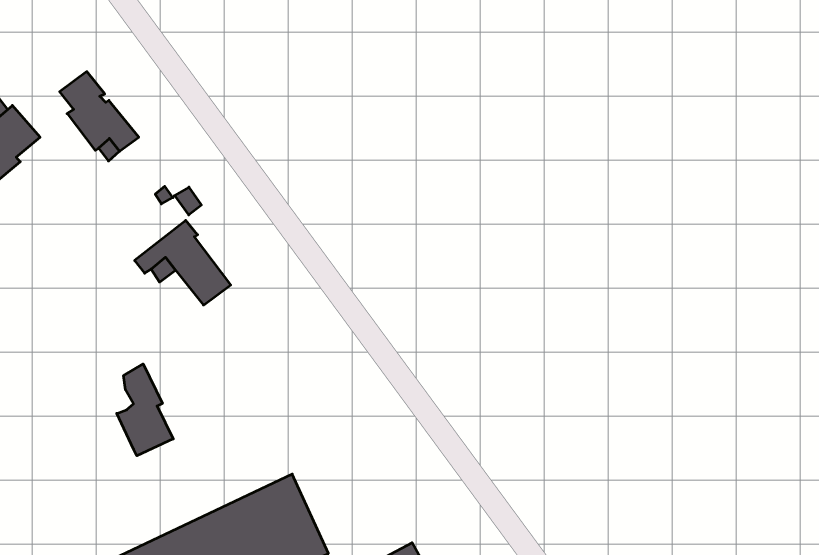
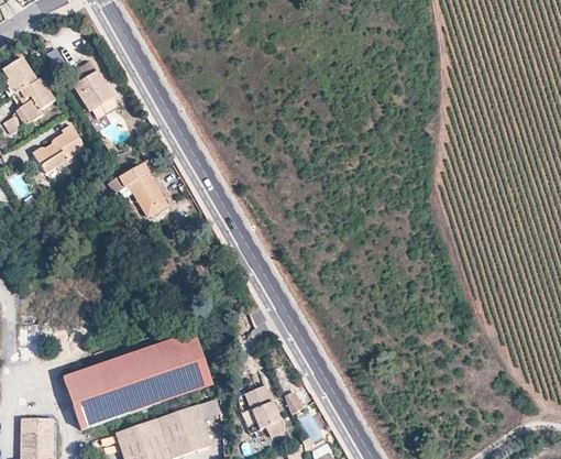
building: none -> [33,124,87,173]
building: [117,364,173,456] -> none

